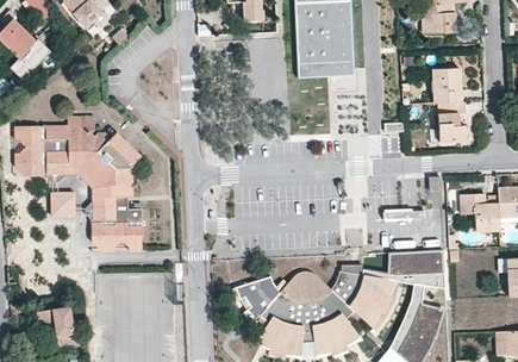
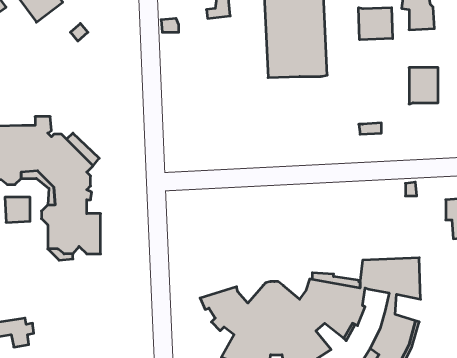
building: none -> [359,8,393,40]
building: [437,102,466,141] -> none

